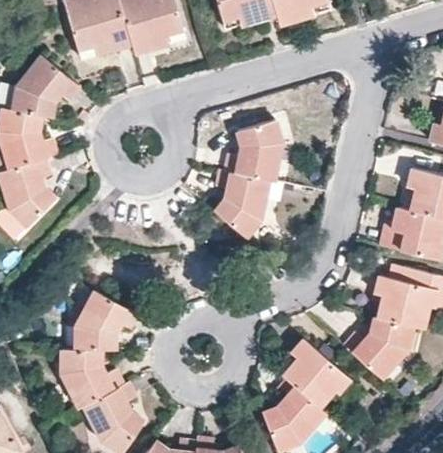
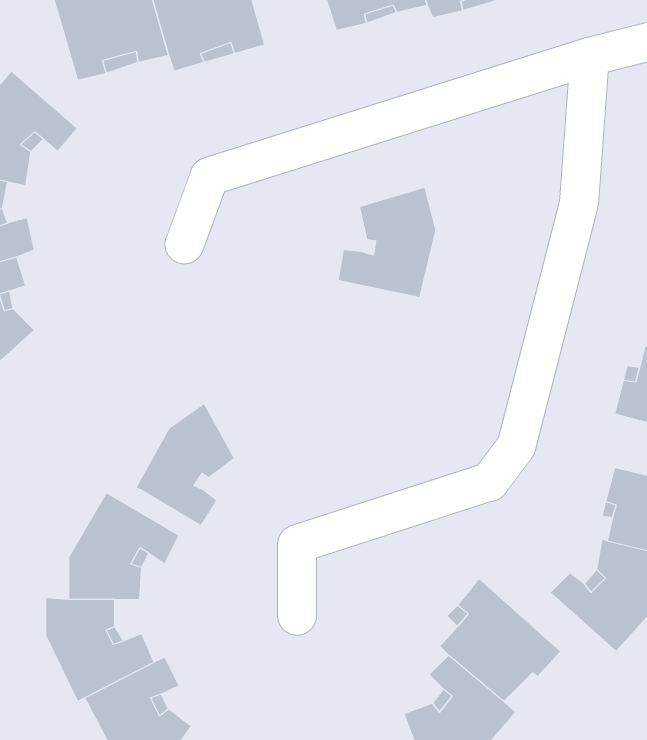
building: [215,170,269,237] -> none
building: none -> [136,403,234,526]

